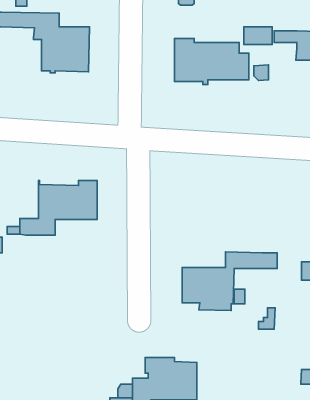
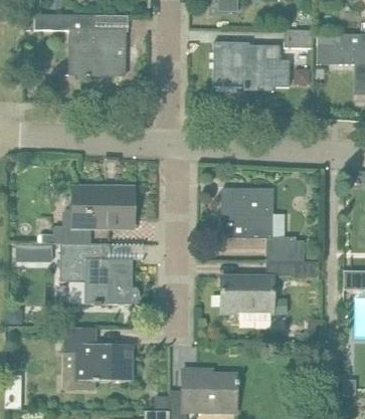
building: none -> [221,189,303,261]
building: none -> [59,243,132,303]
building: none -> [61,328,131,388]

